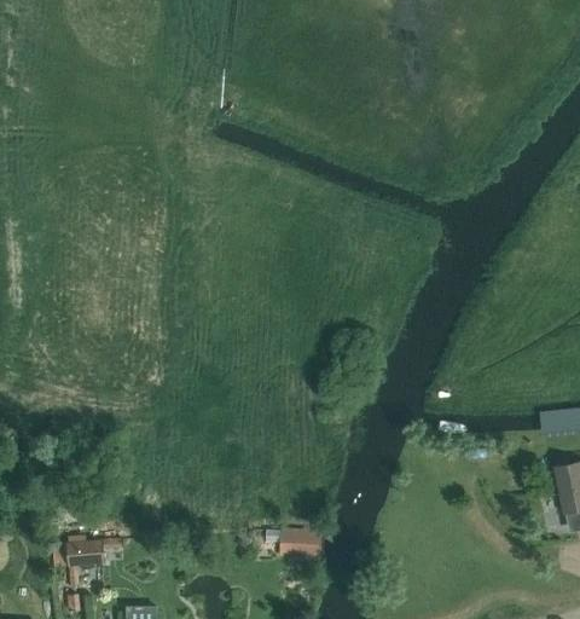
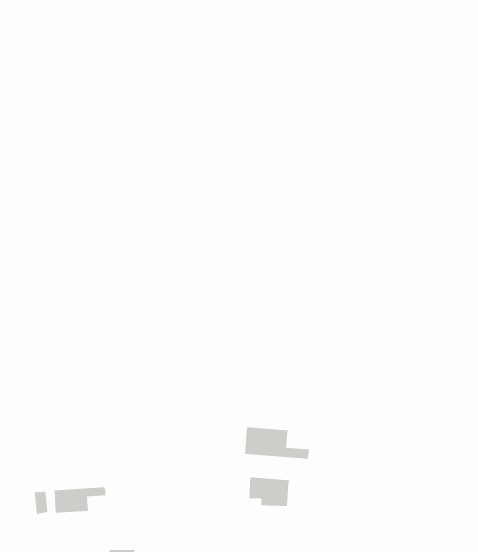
building: none -> [245,427,310,459]

